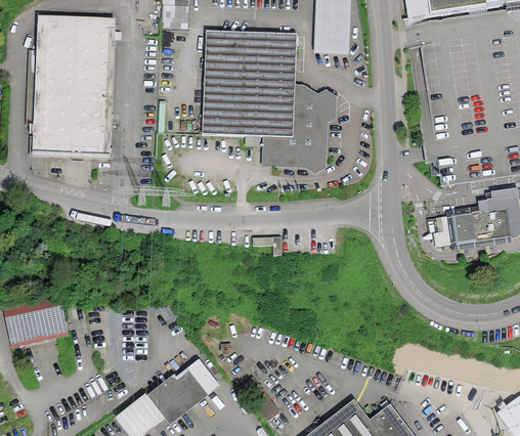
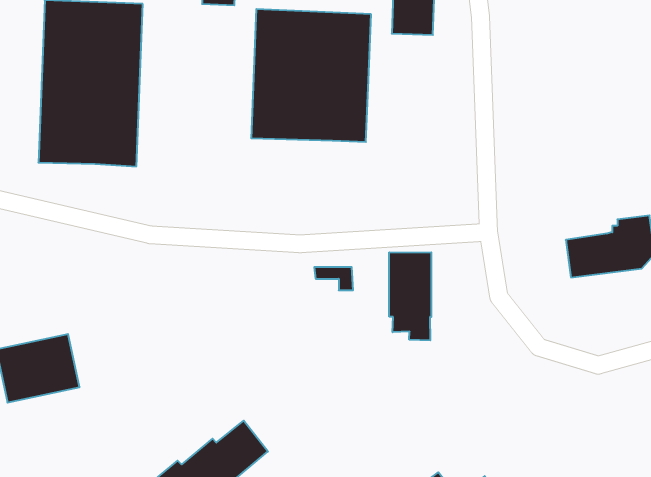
building: [264,88,334,172] -> none
building: [428,215,456,248] -> none
building: none -> [389,252,431,340]

